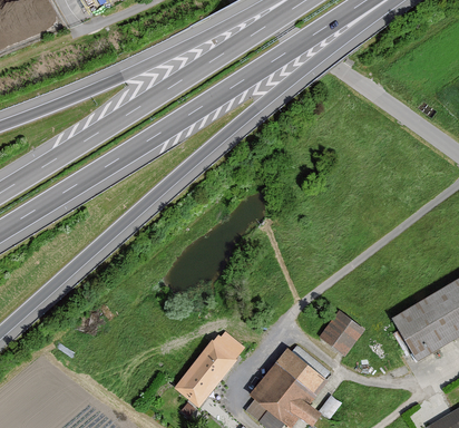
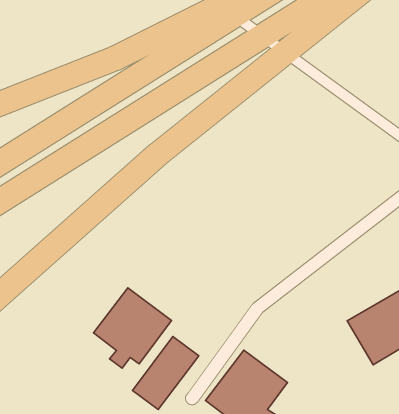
building: none -> [93,288,172,368]
building: [319,311,361,356] -> none

